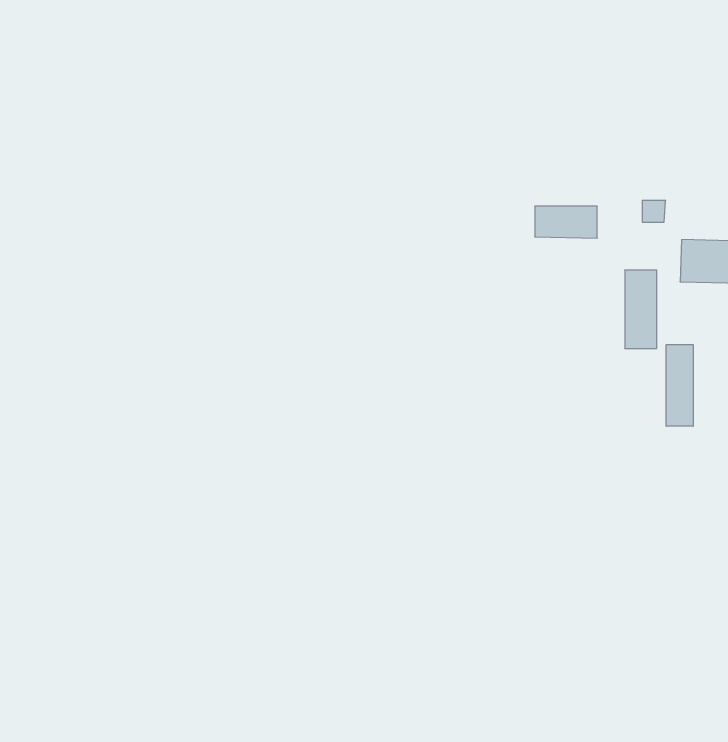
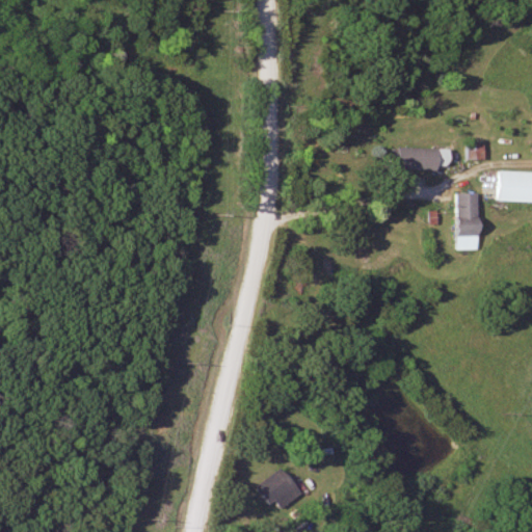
building: [666,345,693,426] -> none
building: none -> [261,470,303,513]

